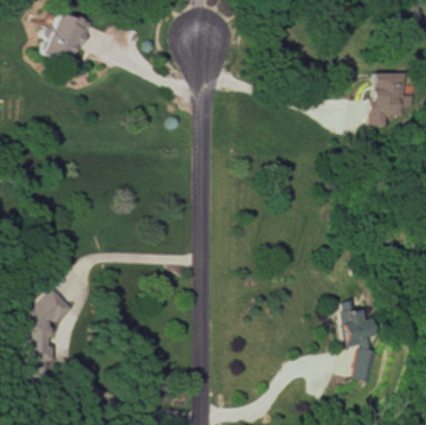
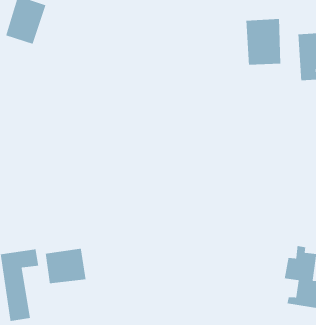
building: none -> [245,18,281,65]
building: none -> [45,248,86,284]

